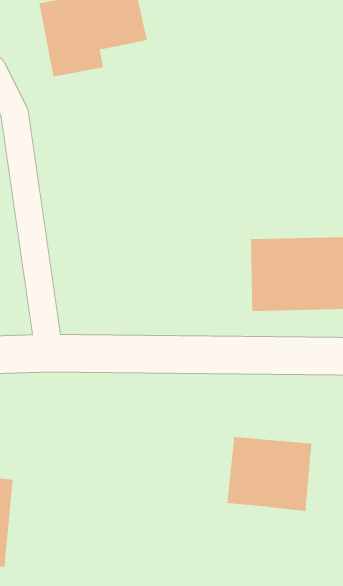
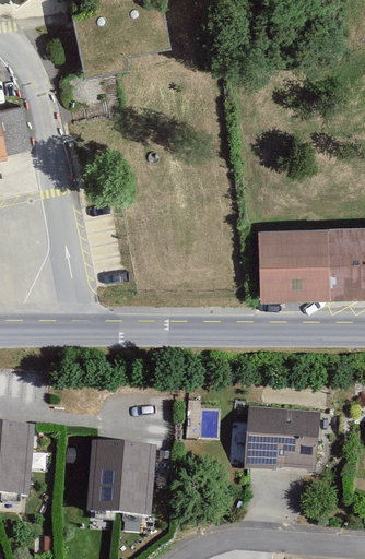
building: none -> [84,448,157,535]

